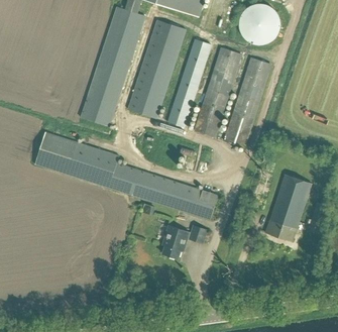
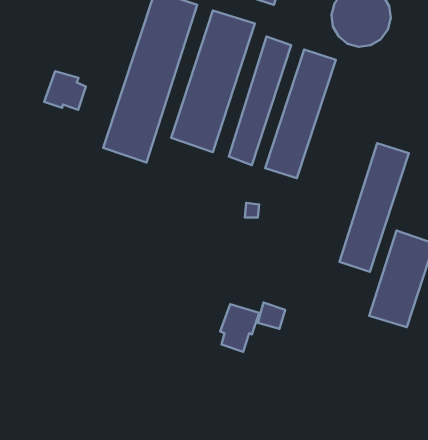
building: [223,58,271,147] -> [339,143,409,272]
building: none -> [44,71,86,110]
building: [35,132,218,220] -> none

